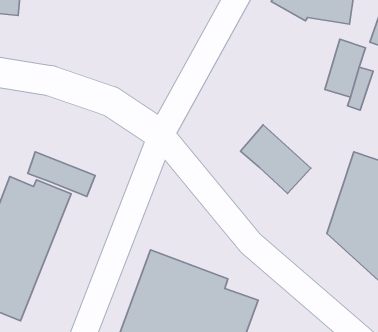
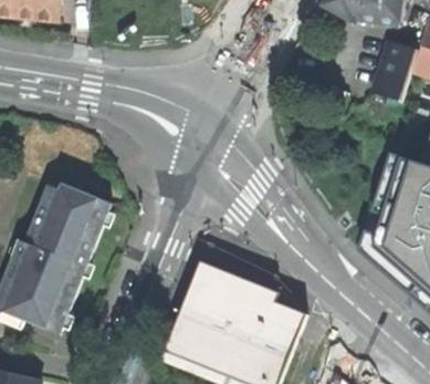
building: [241,125,311,193] -> none
building: [28,152,95,197] -> none

